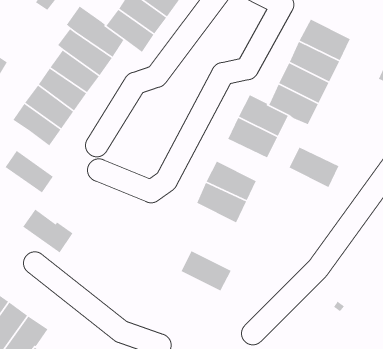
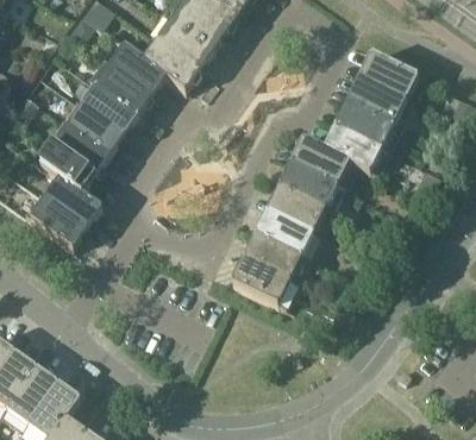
building: [288,146,340,188] -> [268,183,325,230]
building: [22,209,74,253] -> [45,175,102,225]
building: [181,250,232,292] -> [233,254,290,301]

